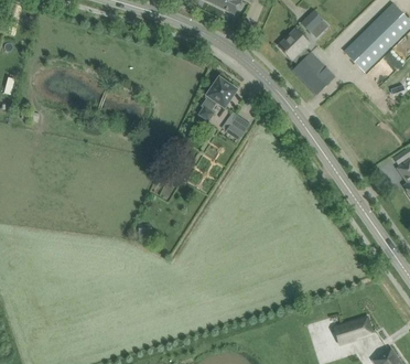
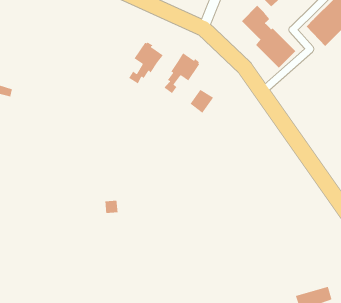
building: none -> [128,41,164,85]

